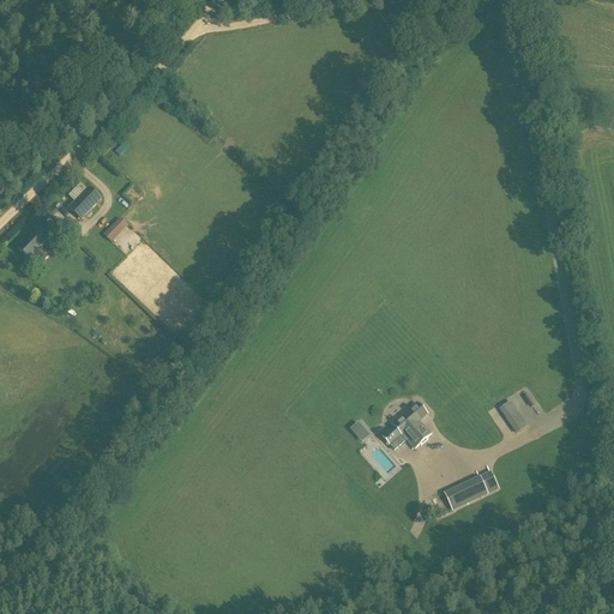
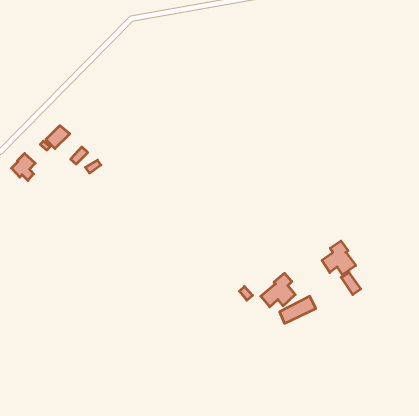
building: none -> [322,241,356,275]
building: [445,468,498,507] -> [280,296,316,323]

